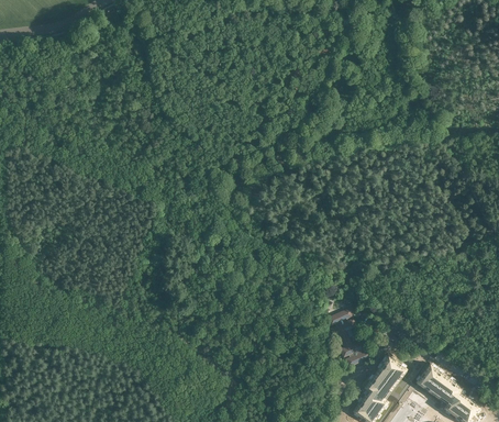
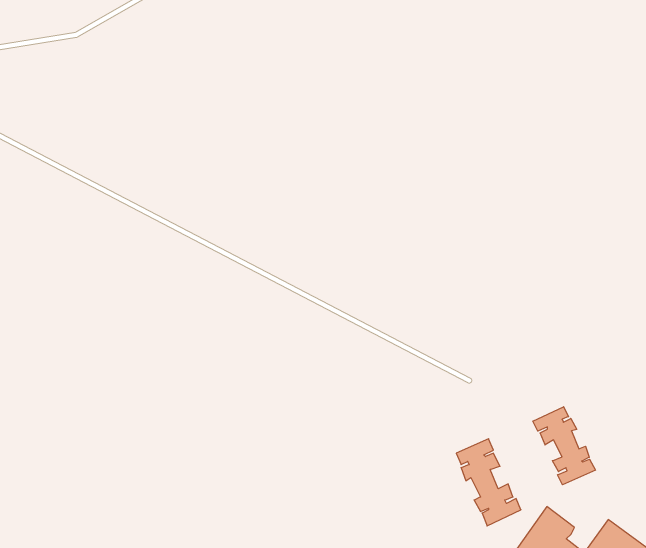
building: none -> [533,407,595,485]

